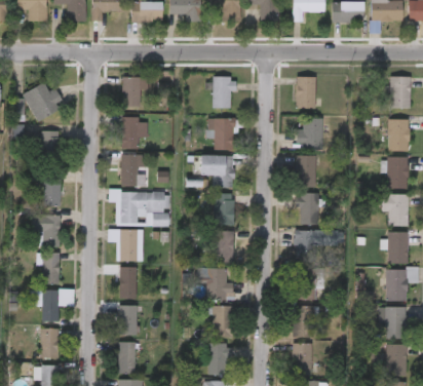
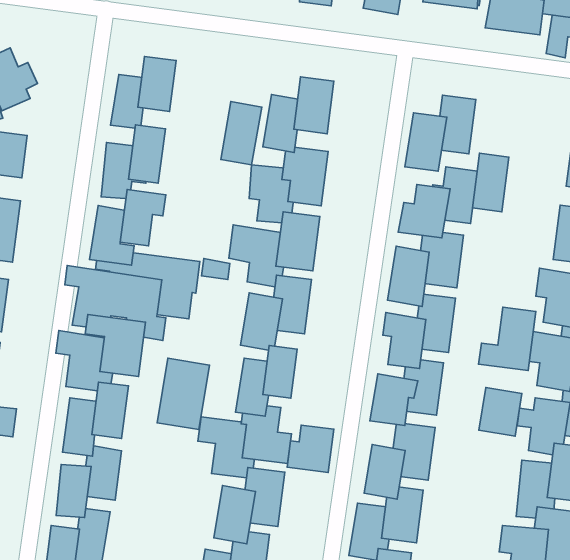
building: none -> [221,102,262,165]
building: none -> [473,153,509,212]
building: none -> [479,307,536,371]
building: none -> [479,388,522,436]
building: none -> [157,358,209,430]
building: none -> [287,425,334,473]

